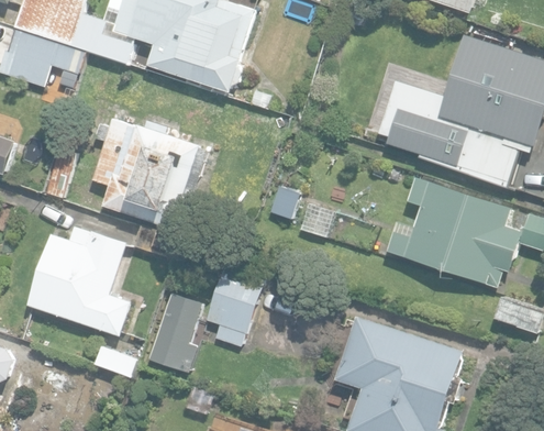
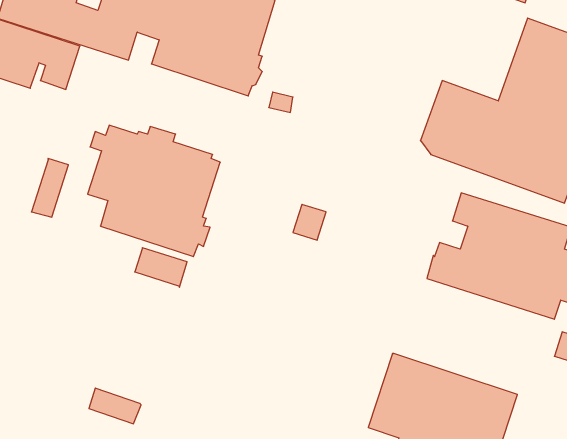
building: [26,225,131,336] -> none
building: [204,263,266,346] -> none
building: [147,294,202,373] -> none

